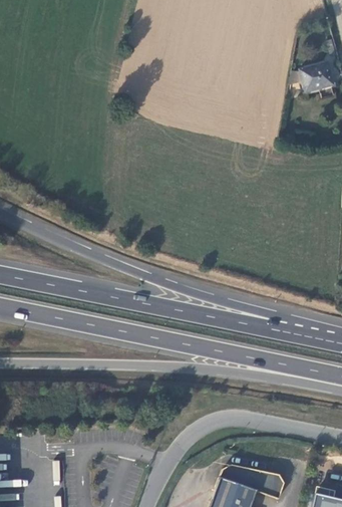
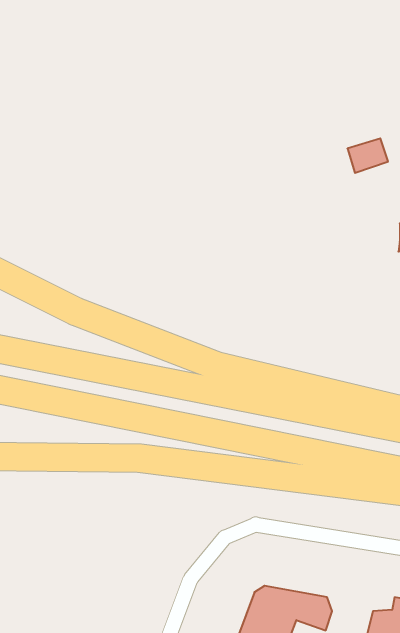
building: [298,58,330,85] -> [347,138,388,173]

